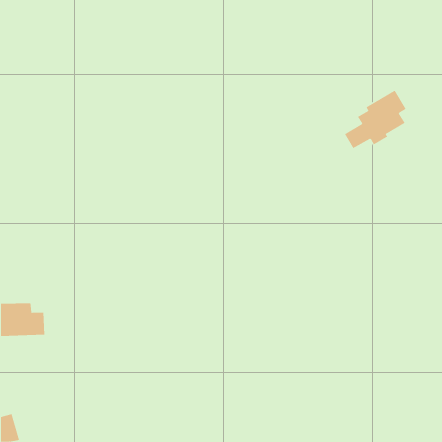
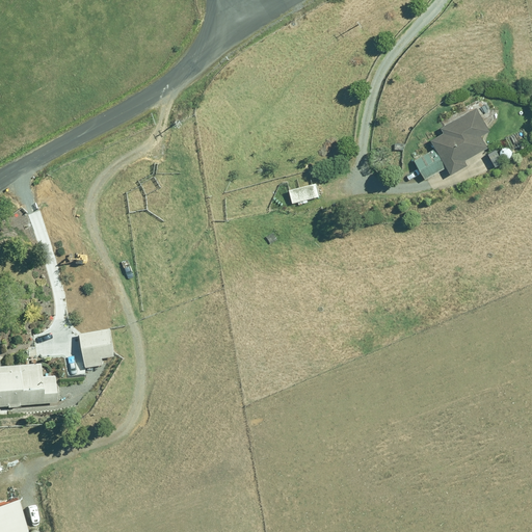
building: none -> [289,183,318,203]
building: none -> [78,327,114,367]

